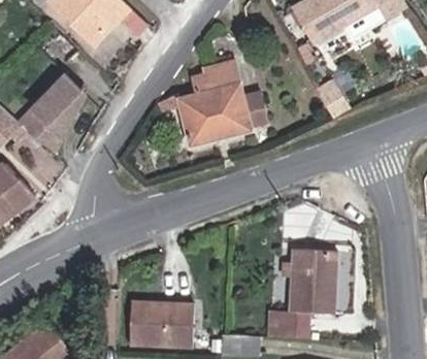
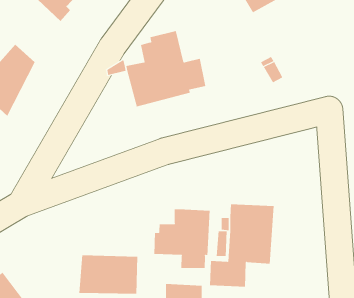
building: none -> [154,209,210,269]

